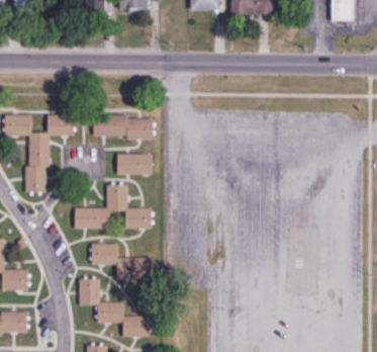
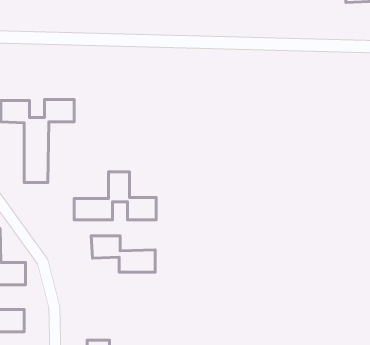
building: [94,116,154,138] -> none
building: [117,154,152,175] -> none
building: [80,279,151,337] -> none

